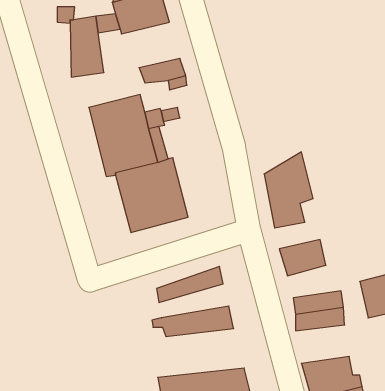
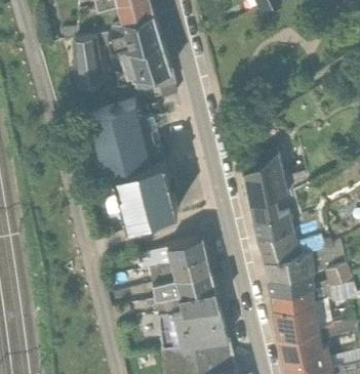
building: none -> [119,44,170,84]
building: none -> [253,216,293,243]
building: none -> [138,240,205,281]
building: none -> [265,255,315,286]
building: none -> [152,274,213,303]
building: none -> [272,309,319,343]
building: none -> [145,313,227,356]

